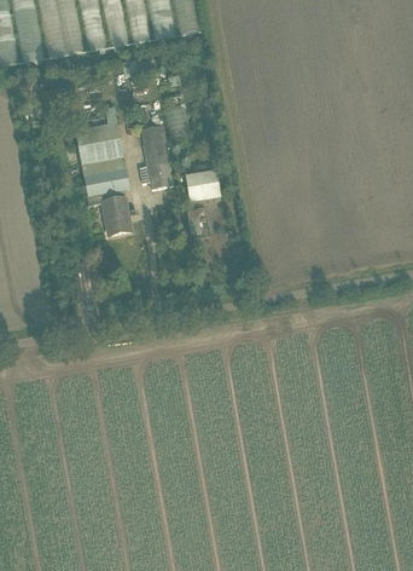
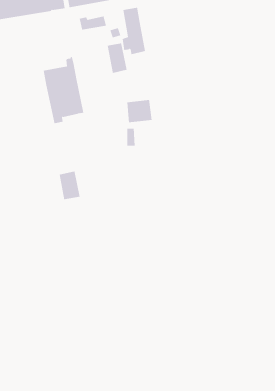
building: [139,125,171,189] -> [122,7,146,55]
building: [101,195,130,233] -> [59,171,80,200]

